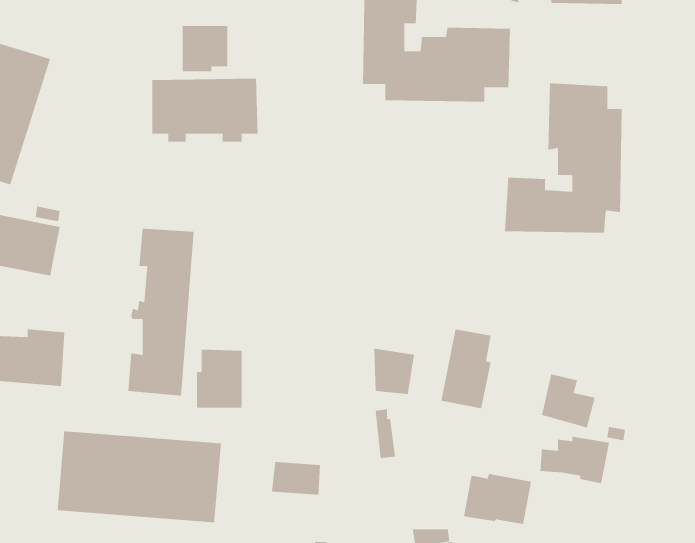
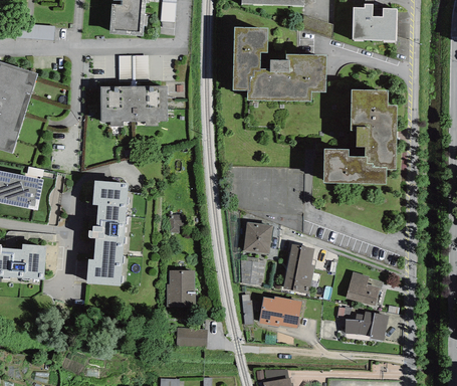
building: none -> [243,222,272,253]
building: [196,349,243,408] -> [166,269,195,307]
building: [57,431,221,523] -> none
building: [463,473,532,525] -> [258,296,301,328]

